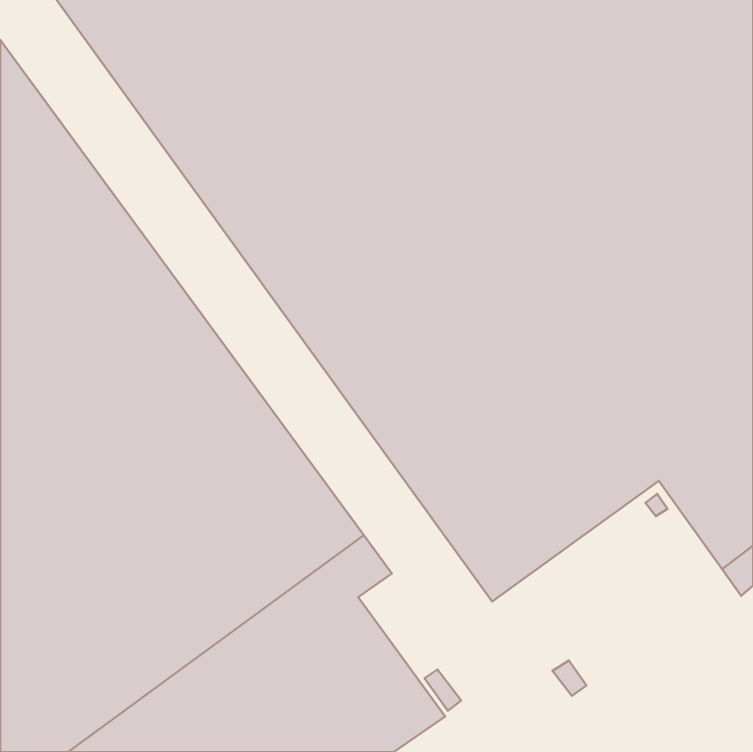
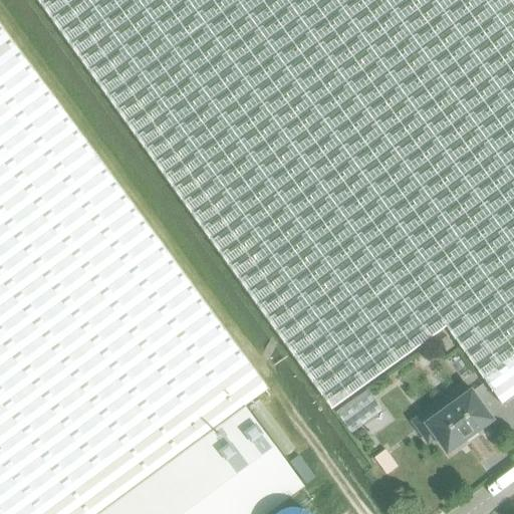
building: none -> [415,388,495,454]
building: none -> [337,390,383,433]

